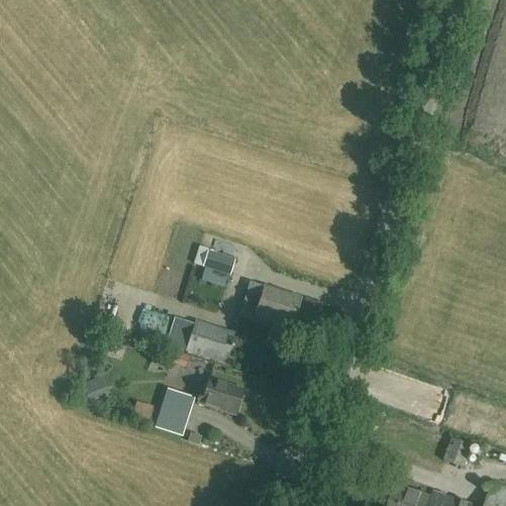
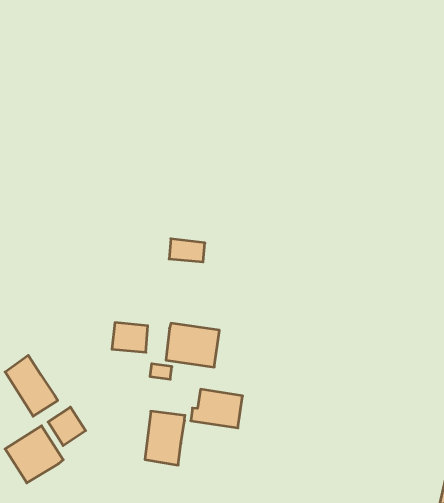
building: [241,282,301,327] -> none
building: none -> [5,355,58,416]
building: none -> [5,426,63,483]

